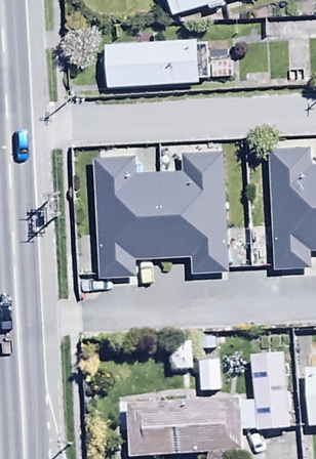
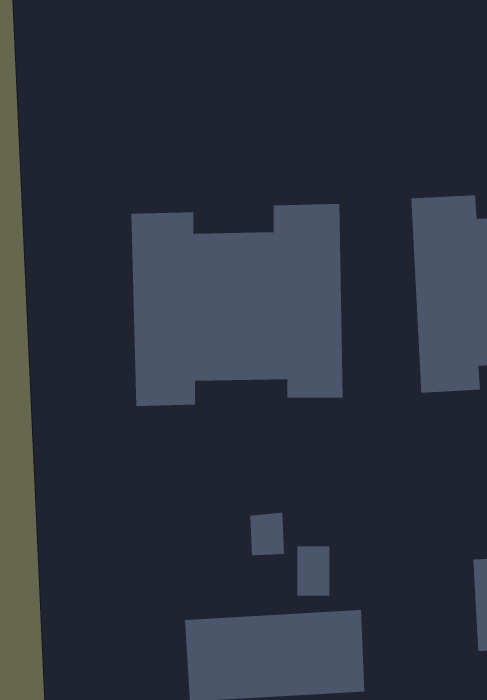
building: [106,38,209,87] -> none
building: [241,349,290,430] -> none

